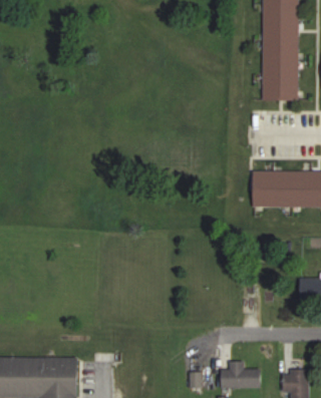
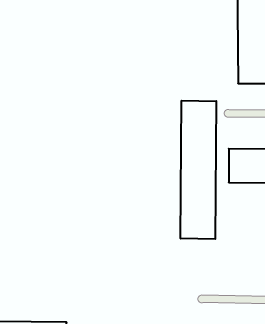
building: none -> [181,101,216,239]

